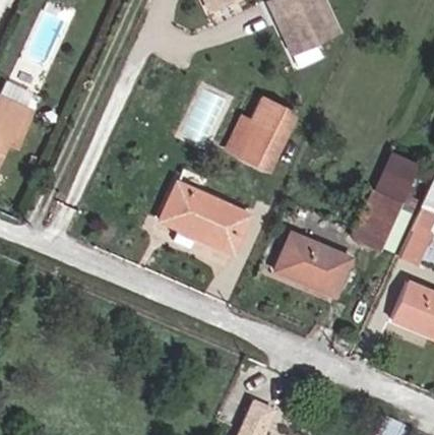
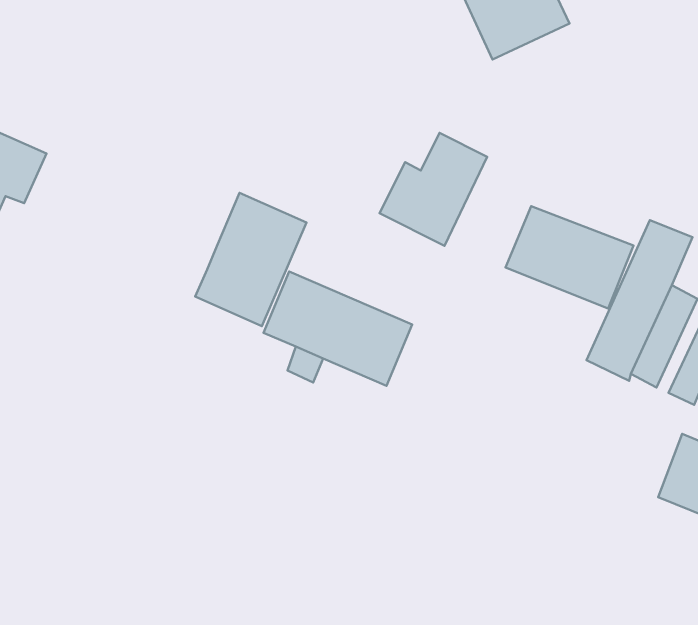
building: none -> [195,193,307,326]
building: [272,232,349,293] -> [505,206,634,309]

